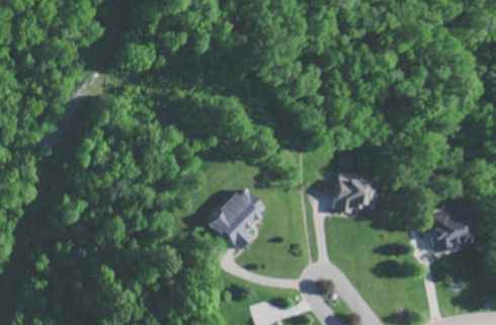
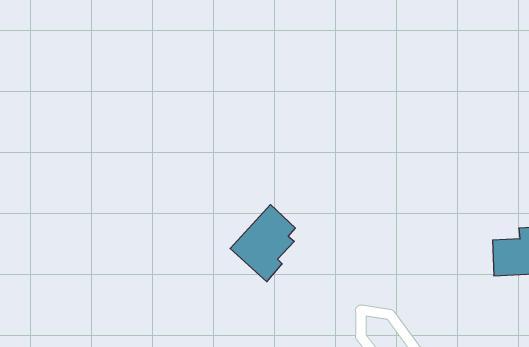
building: [334,177,379,213] -> none

